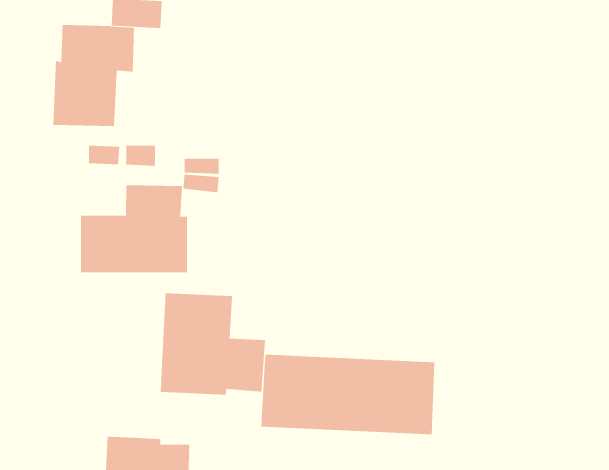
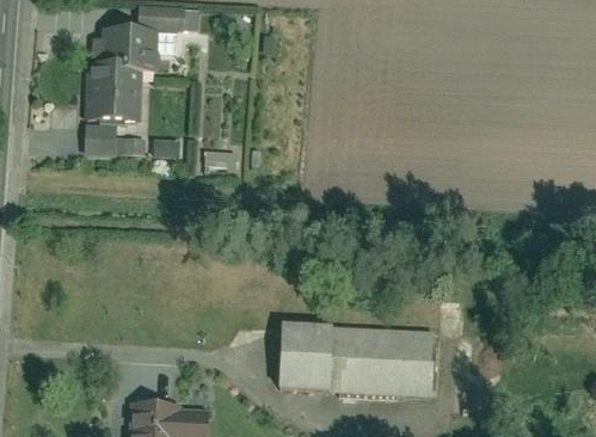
building: none -> [86,123,119,153]
building: [81,185,188,273] -> none
building: [160,292,265,396] -> none

